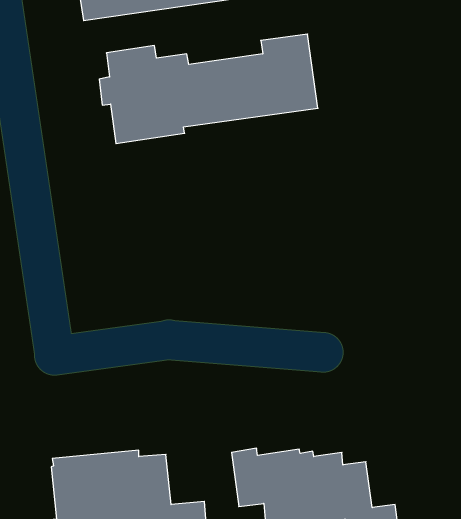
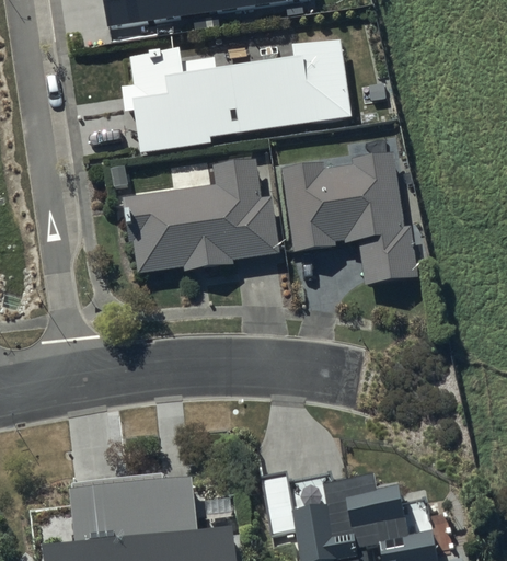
building: none -> [279,151,418,285]
building: none -> [124,158,279,272]

